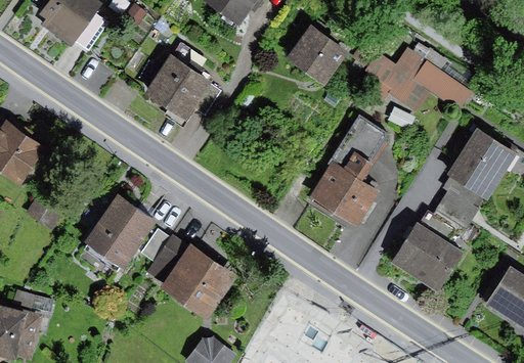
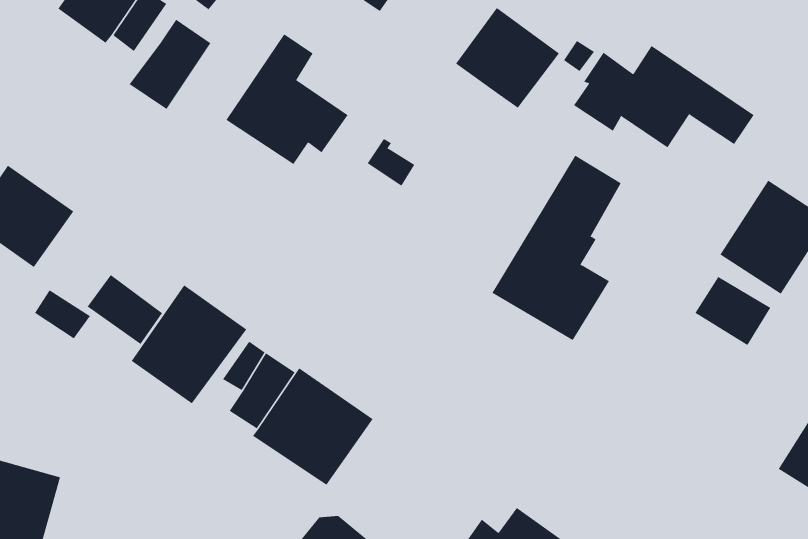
building: none -> [129,19,211,110]
building: none -> [87,274,163,345]
building: [395,225,466,291] -> none

